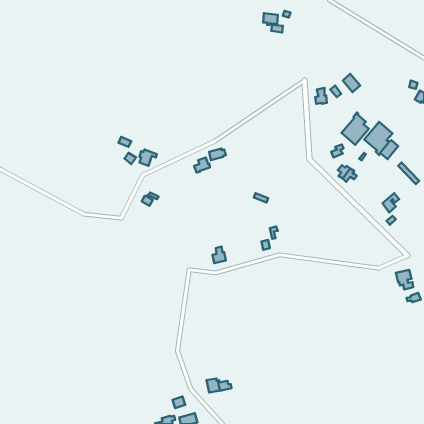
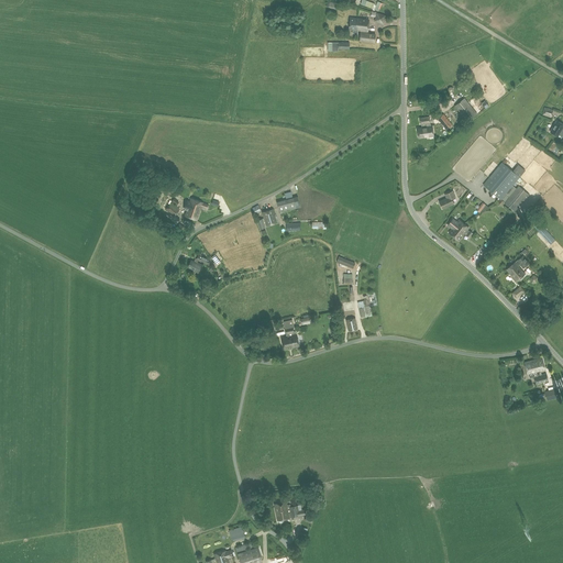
building: [341,112,369,145] -> none

